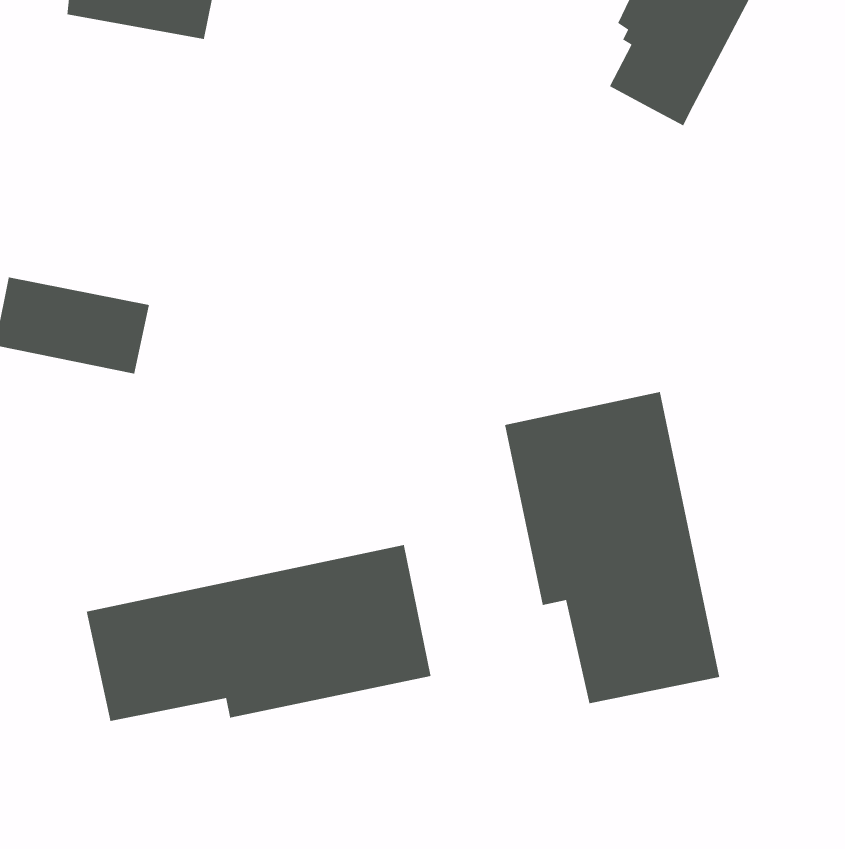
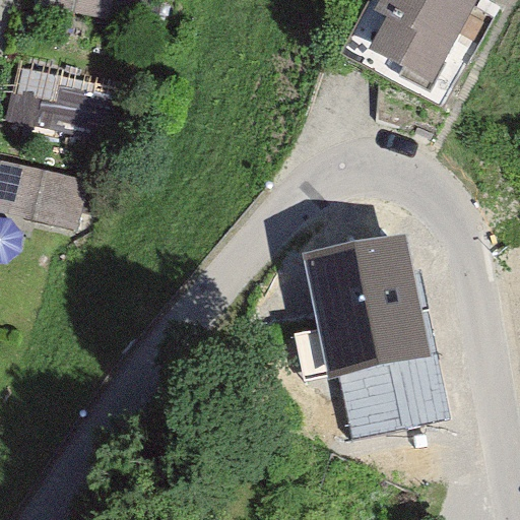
building: none -> [16,65,103,122]
building: [86,544,432,722] -> none

